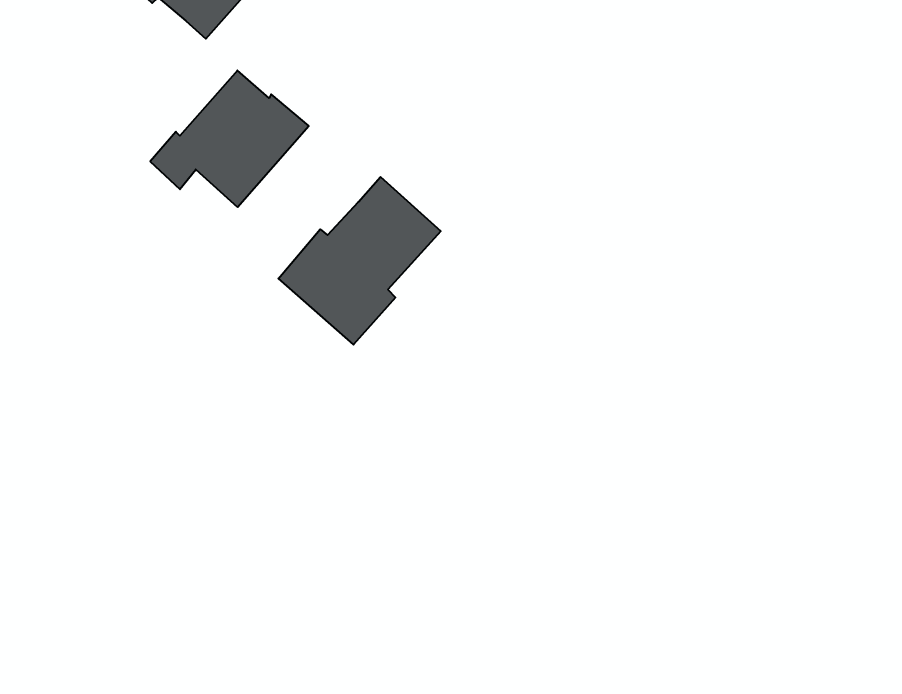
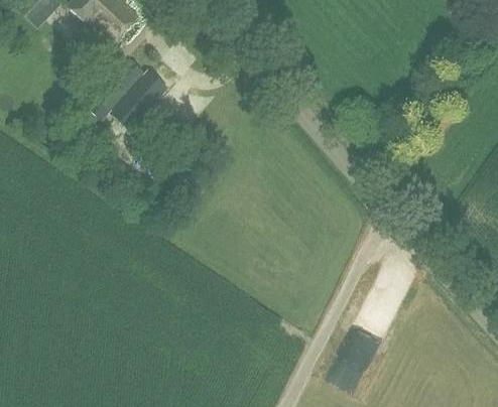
building: [278,177,441,345] -> none

